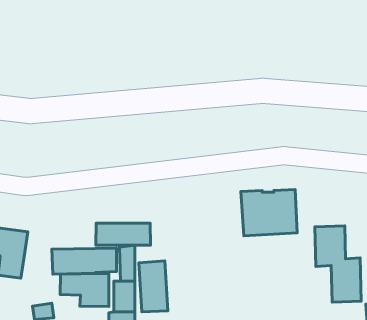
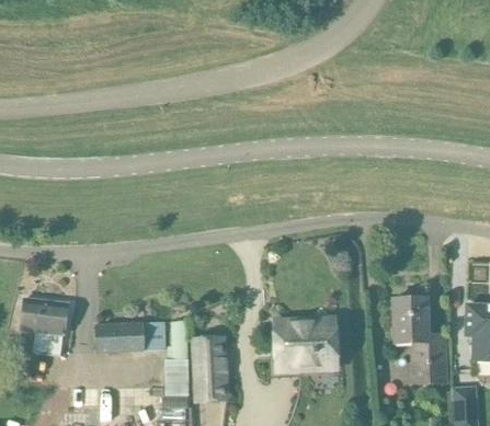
building: [241,189,297,236] -> [273,318,337,370]
building: [96,223,151,245] -> none
building: [60,274,109,307] -> none

